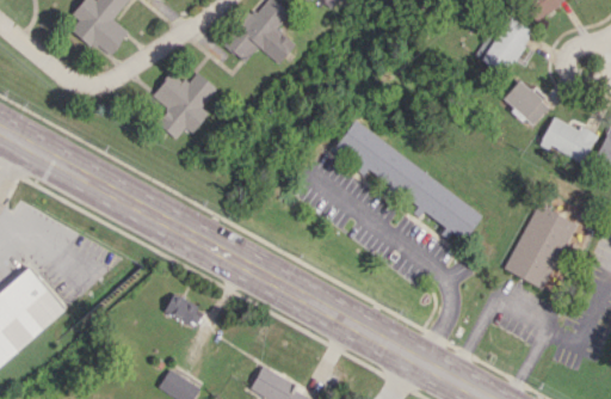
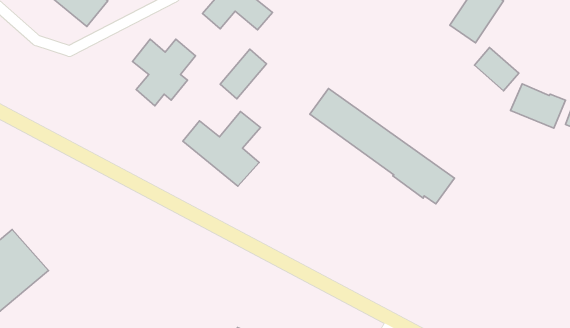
building: none -> [220,49,267,99]
building: none -> [183,112,260,186]
building: [505,203,576,289] -> none
building: [165,294,205,327] -> none

